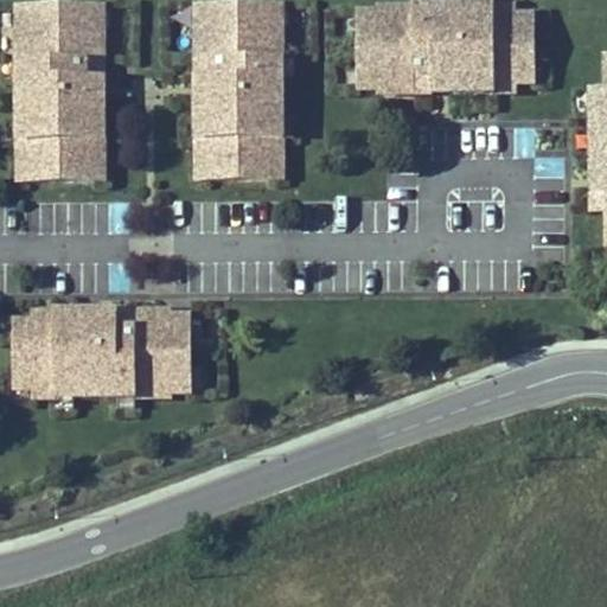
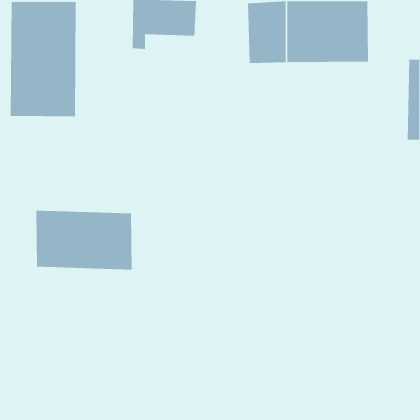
building: [190,50,281,181] -> none
building: [8,302,52,385] -> none

